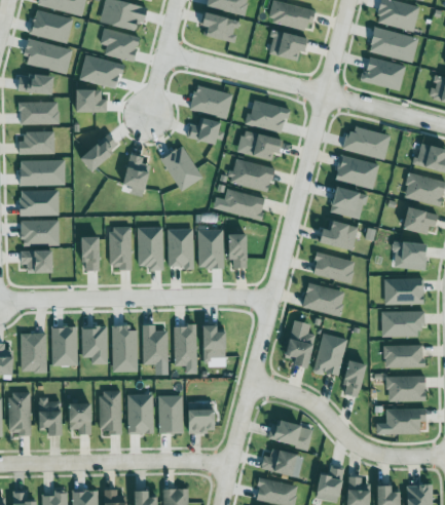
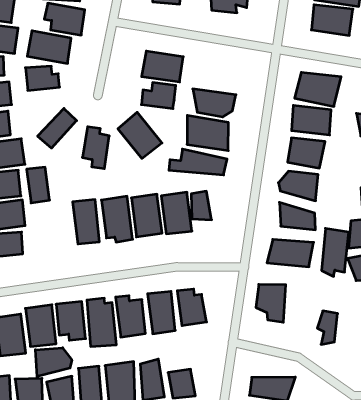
building: [246,102,290,134] -> none
building: [83,238,103,272] -> [27,167,50,203]
building: [312,332,343,380] -> [322,228,349,276]
building: none -> [35,348,72,377]

